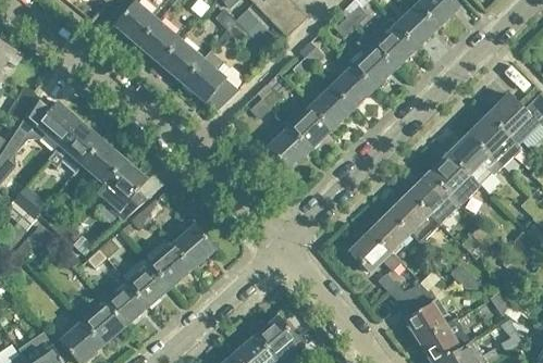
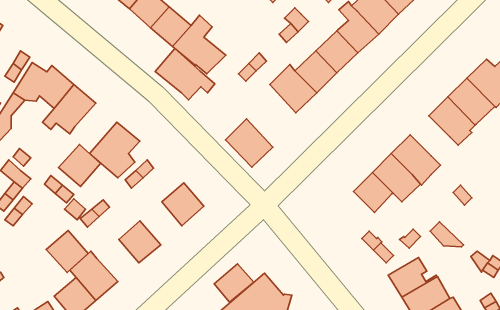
building: none -> [155,49,215,100]
building: [261,121,310,171] -> [226,119,273,167]
building: [81,140,124,184] -> [59,144,100,186]
building: [429,153,480,204] -> none
building: [349,231,402,274] -> none
building: [145,237,192,287] -> none
building: [103,281,147,325] -> [46,230,88,272]
building: none -> [214,264,254,302]

